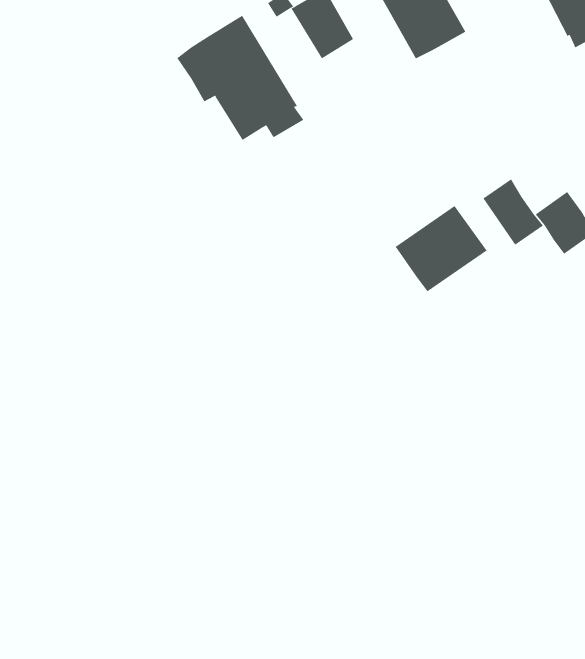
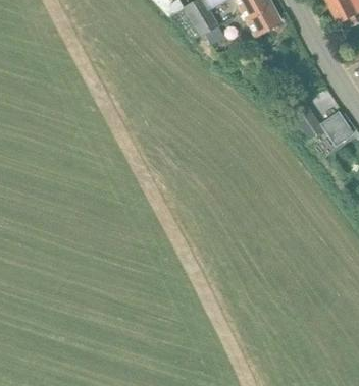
building: [177,15,304,141] -> none
building: [395,205,487,292] -> none

